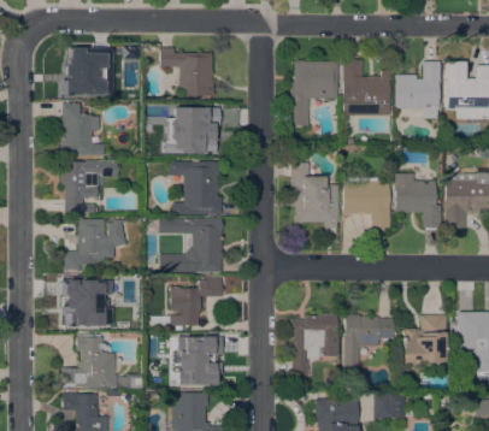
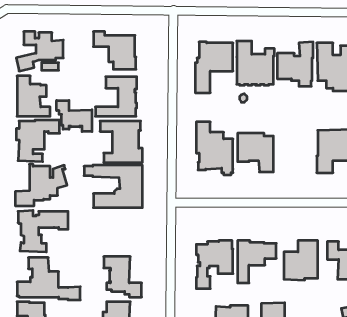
building: none -> [57,100,92,132]
building: [395,173,441,228] -> none
building: [152,277,224,330] -> none

